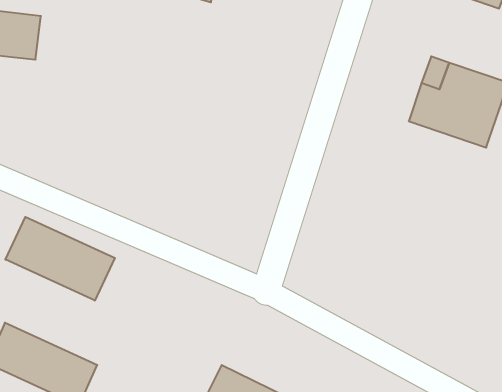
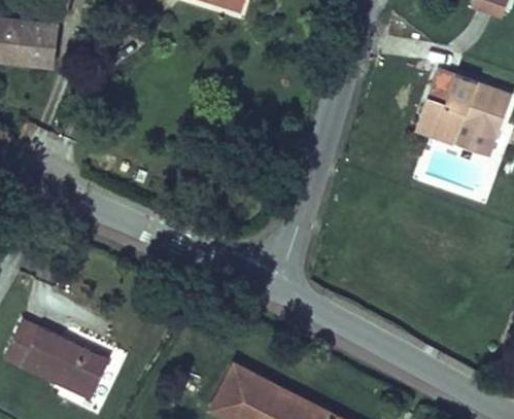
building: [5,217,115,301] -> none

